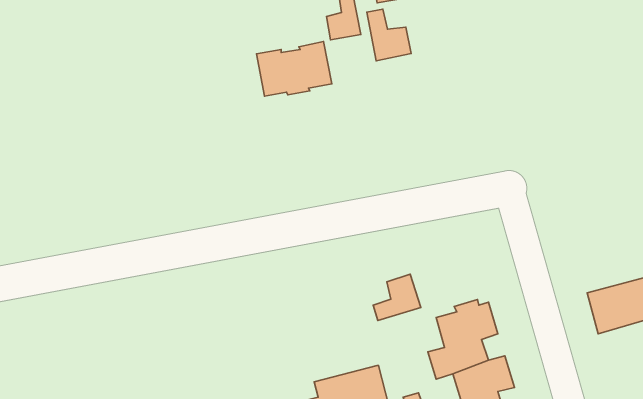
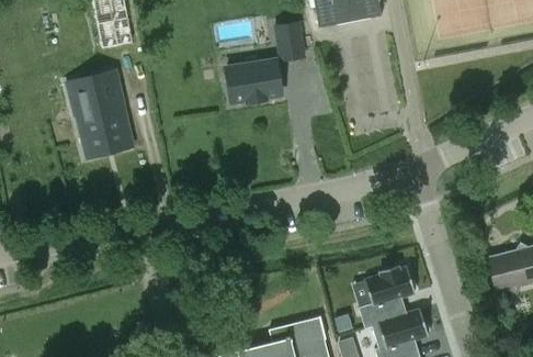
building: [367,9,411,61] -> none
building: none -> [67,71,132,156]
building: [373,274,421,321] -> none

